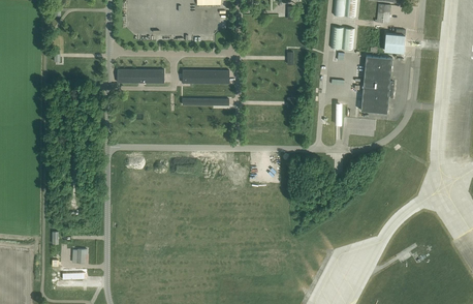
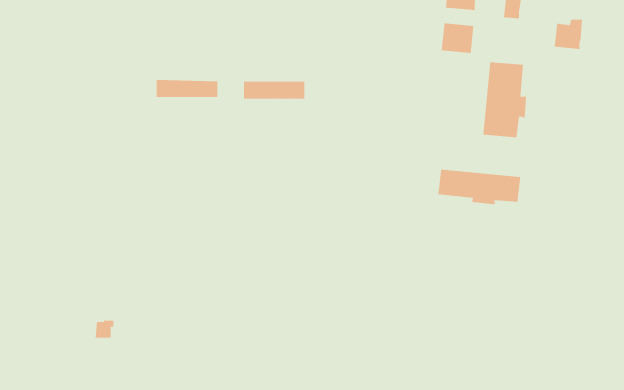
building: [383,30,405,53] -> [554,19,583,50]
building: none -> [438,169,521,205]

